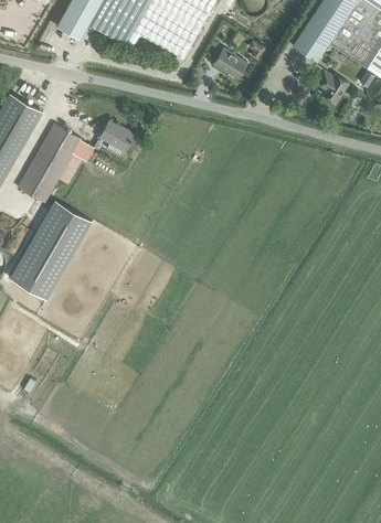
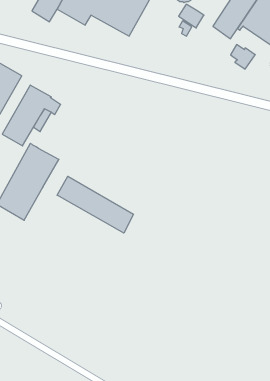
building: [213,47,246,78] -> [179,4,204,28]
building: [99,120,133,150] -> none
building: none -> [57,176,133,233]

